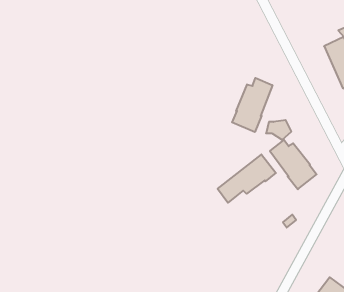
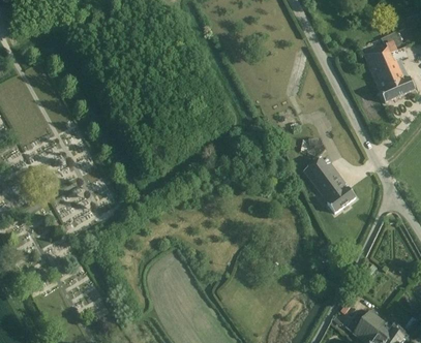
building: [232,78,272,132] -> none
building: [218,154,276,203] -> none

